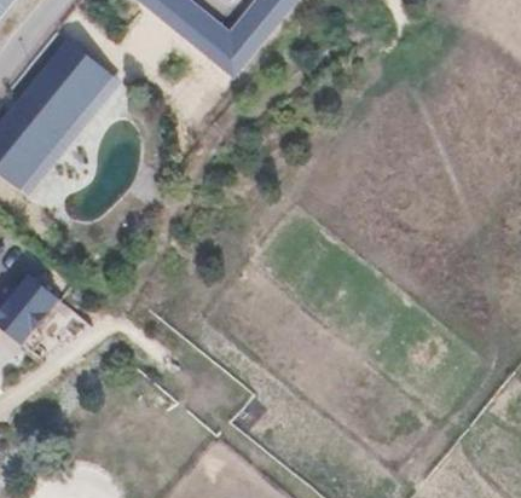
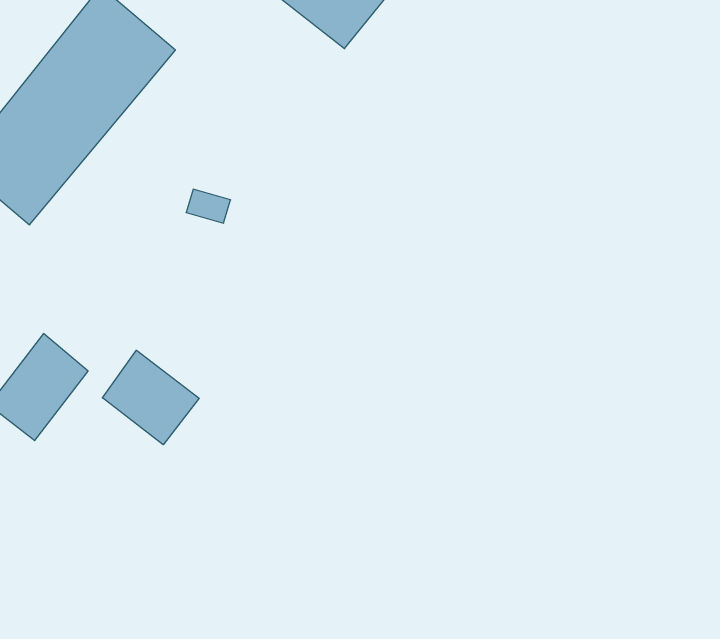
building: none -> [102,350,199,445]

